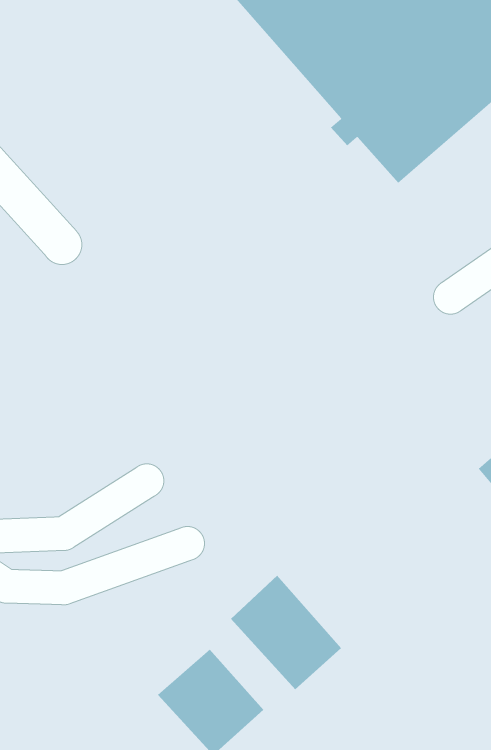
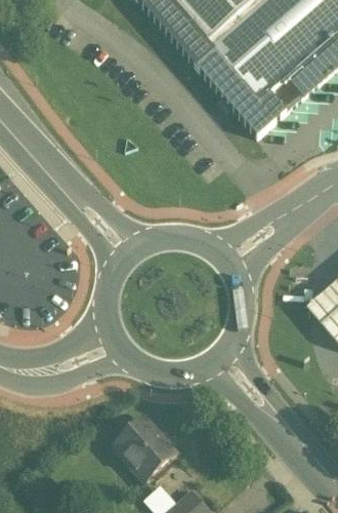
building: [230,575,342,690] -> none

